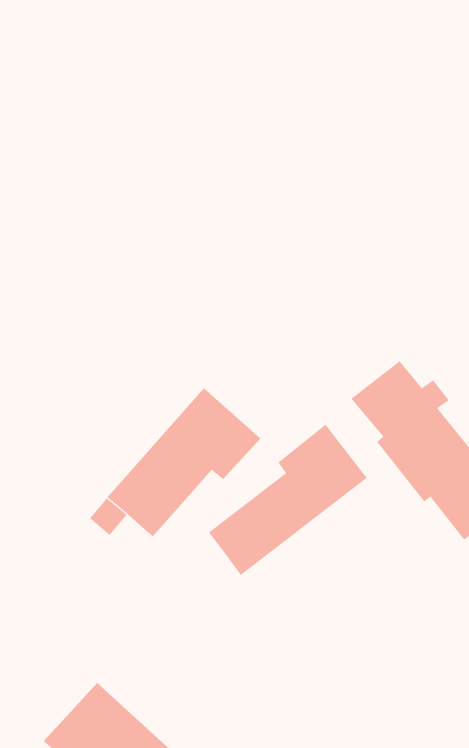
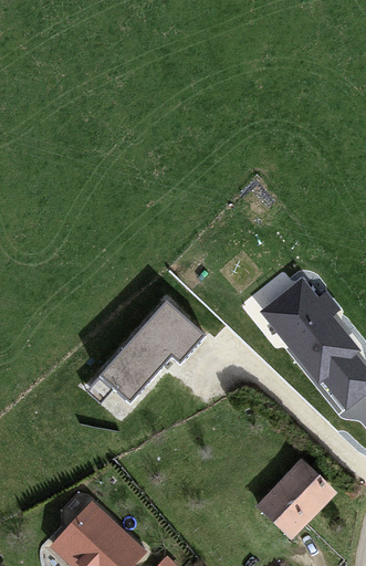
building: [208,424,368,576] -> none
building: none -> [259,463,330,538]

